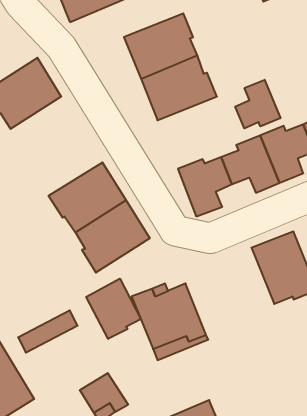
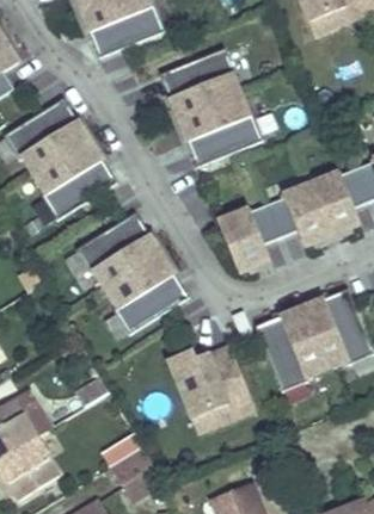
building: [235,80,280,128] -> none
building: none -> [33,138,116,218]
building: none -> [255,305,325,390]
building: [86,279,141,339] -> none

